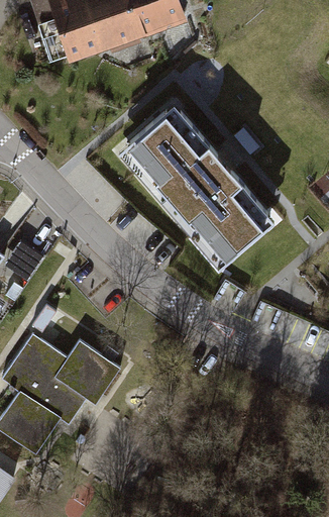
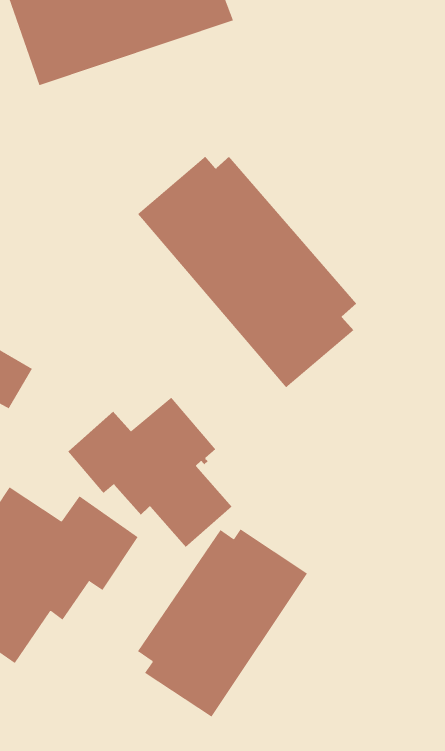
building: none -> [67,397,233,548]
building: none -> [137,528,308,718]

